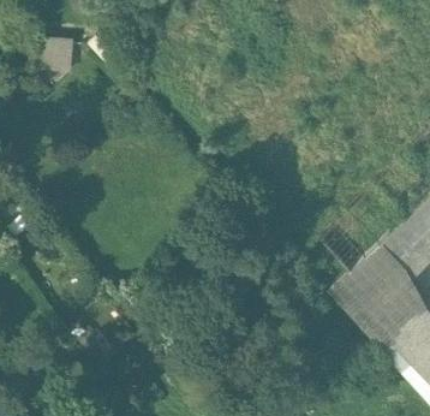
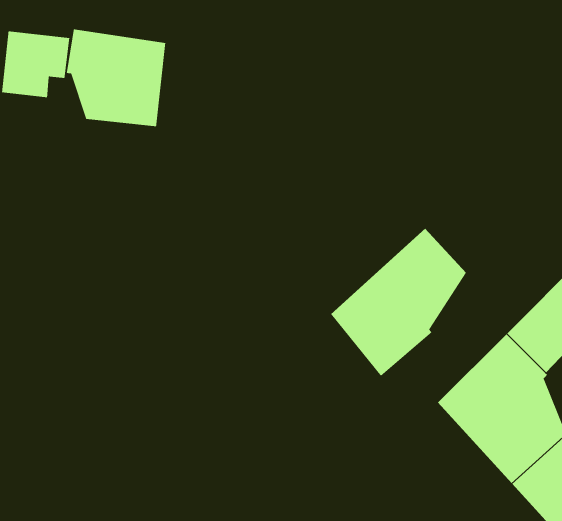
building: none -> [66,29,166,127]
building: none -> [330,228,467,377]

